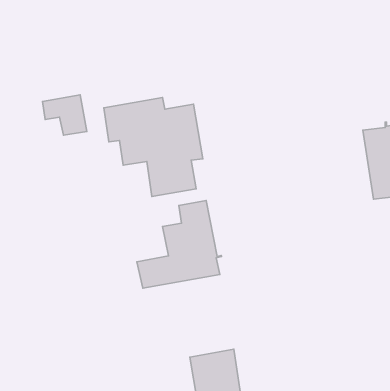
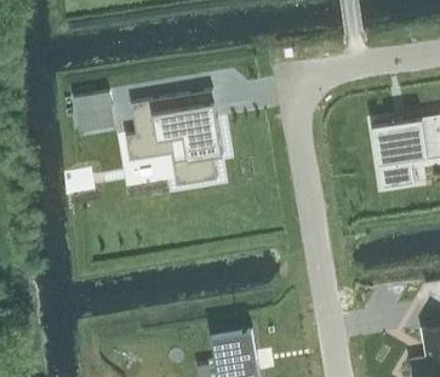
building: [137,201,222,288] -> none

